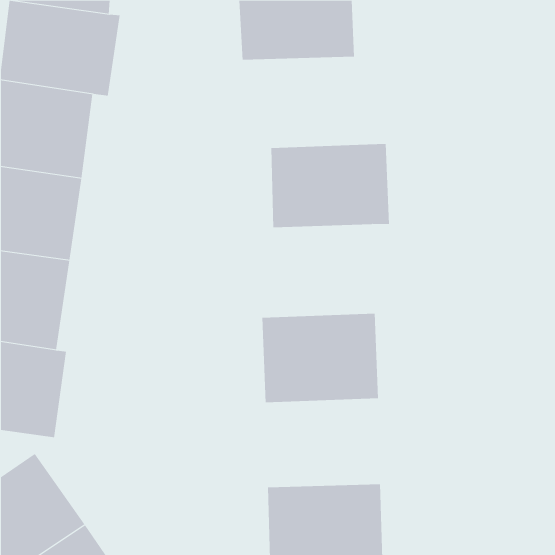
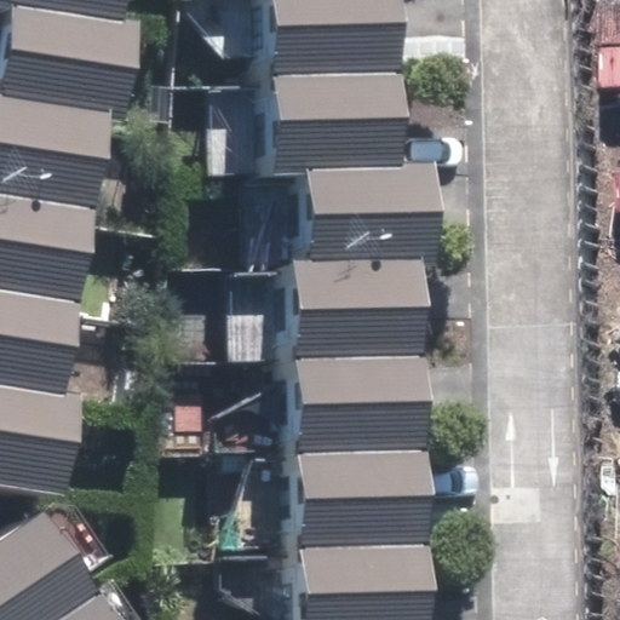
building: none -> [272,68,401,168]
building: none -> [291,253,420,356]
building: none -> [298,446,426,544]

